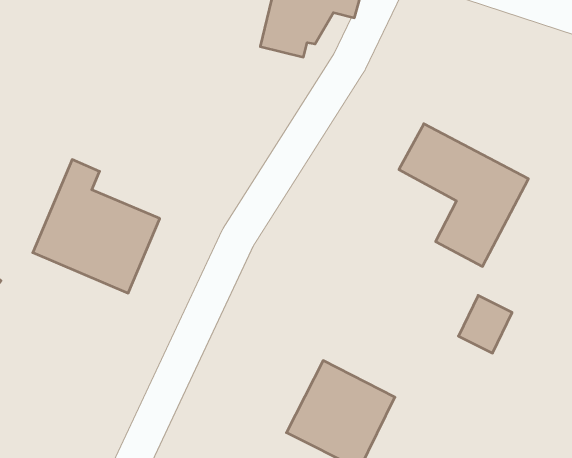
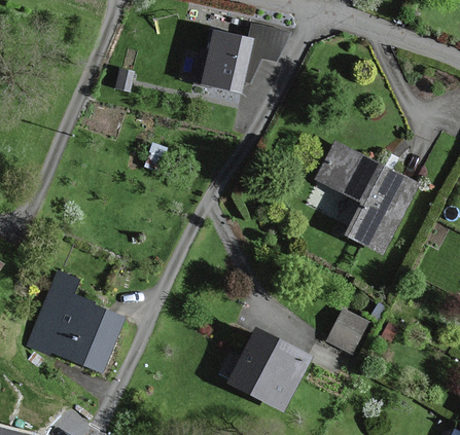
building: [33,160,160,293] -> [25,271,125,376]
building: [458,295,512,353] -> [324,310,366,355]

